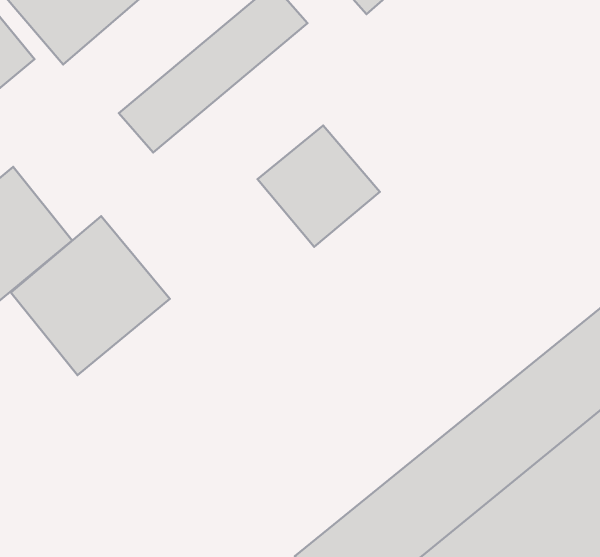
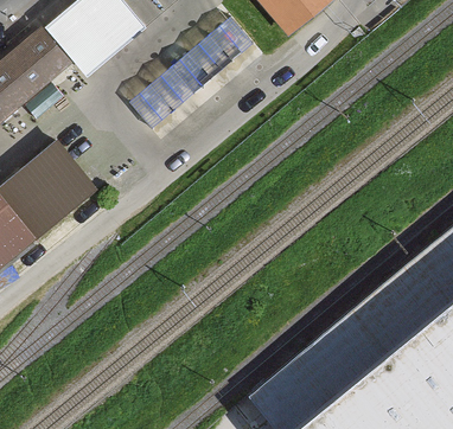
building: [258,125,380,247] -> none
building: [11,216,170,375] -> none

